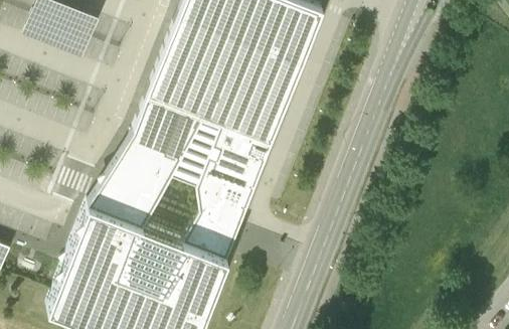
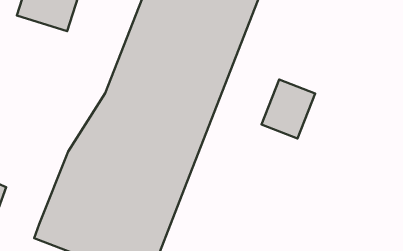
building: none -> [261,79,315,138]

